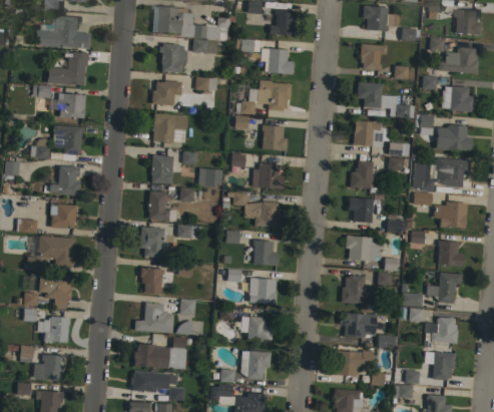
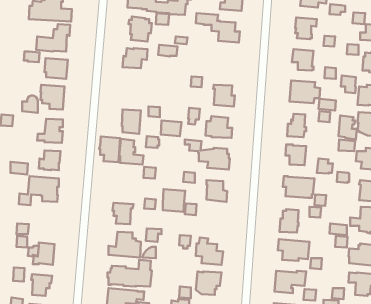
building: [240,80,292,114] -> none
building: [153,113,188,144] -> none
building: [139,227,164,258] -> [99,136,120,162]
building: [39,274,72,310] -> none
building: [250,278,277,305] -> [163,189,185,212]

